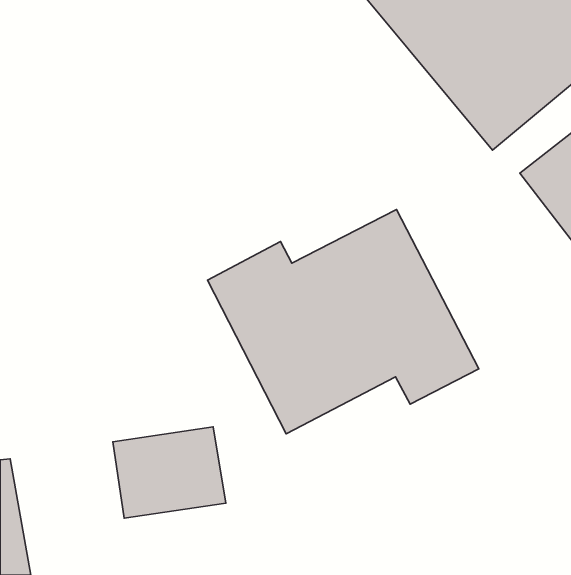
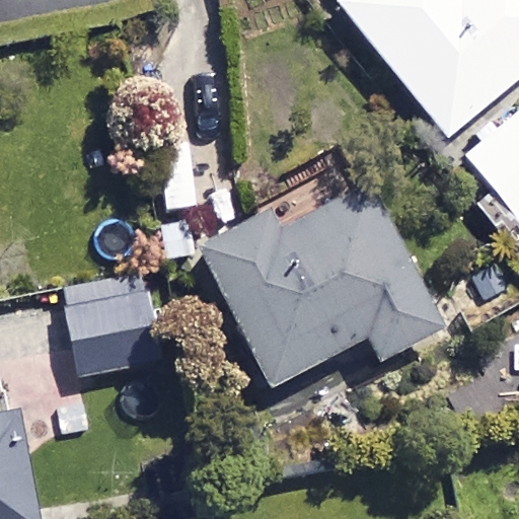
building: [113,427,226,518] -> [68,291,168,372]

